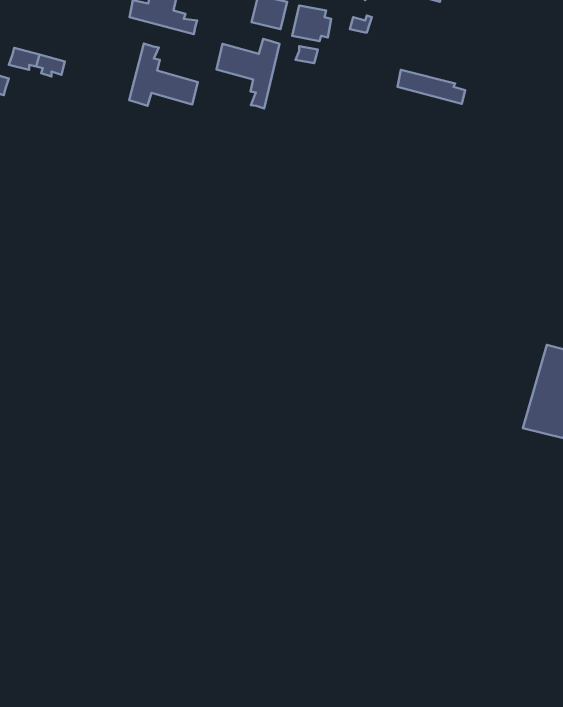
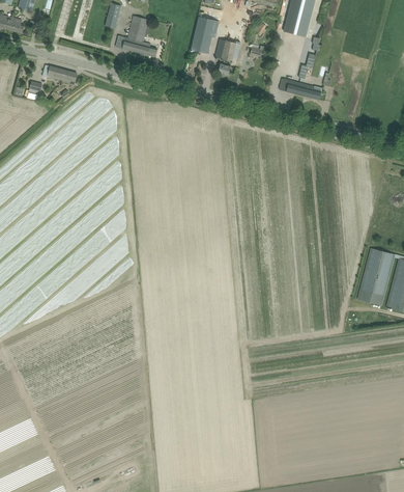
building: [216,39,279,108] -> none
building: [129,44,198,106] -> none

